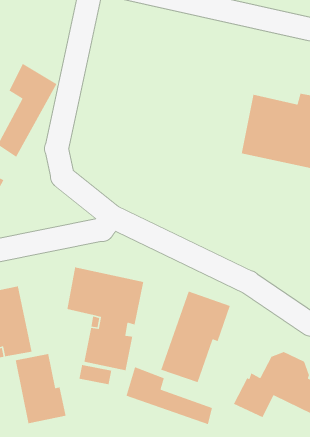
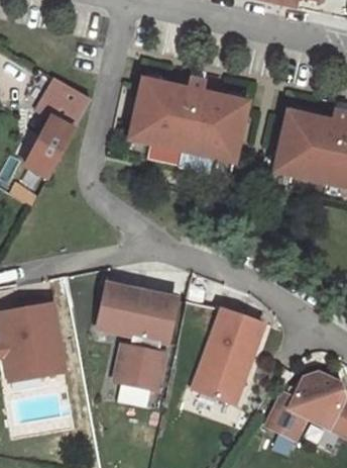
building: none -> [130,77,248,161]
building: [15,353,66,424] -> none
building: [125,366,213,425] -> none

